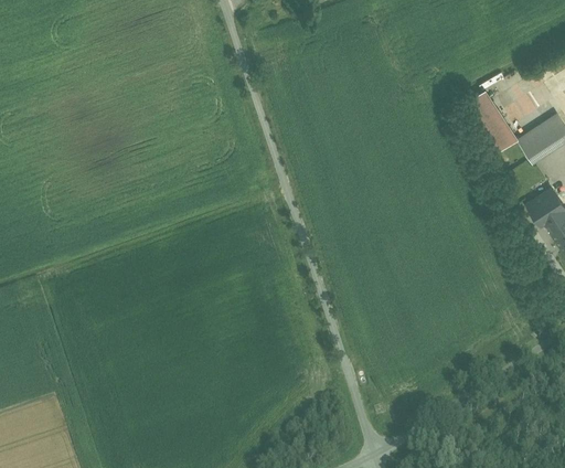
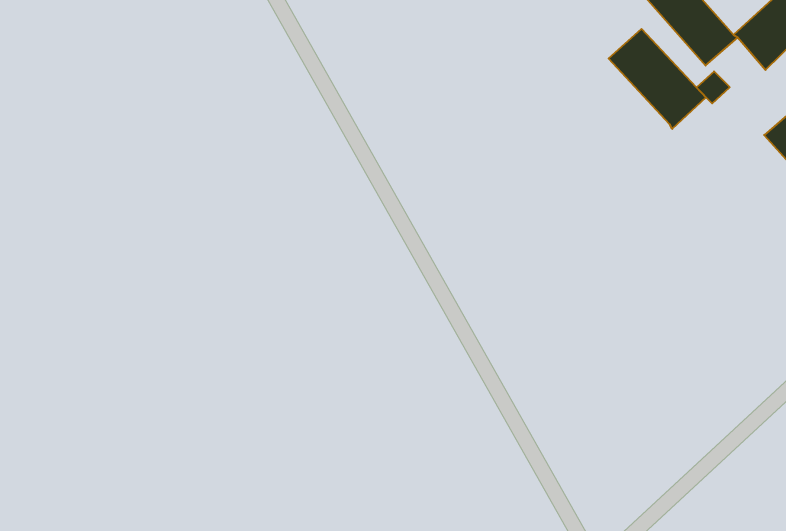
building: none -> [609,29,706,129]

